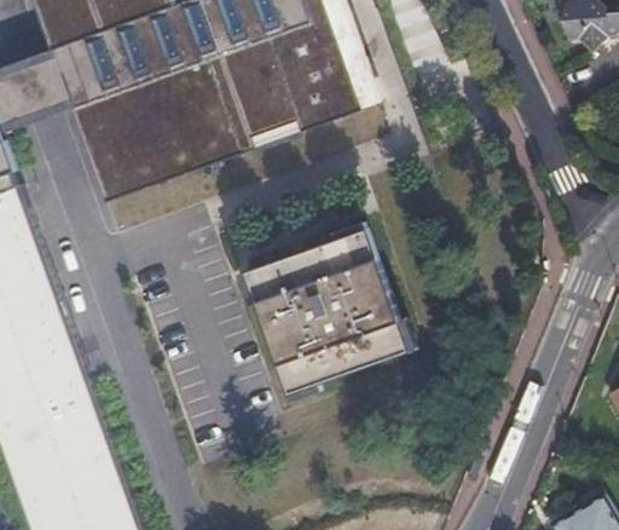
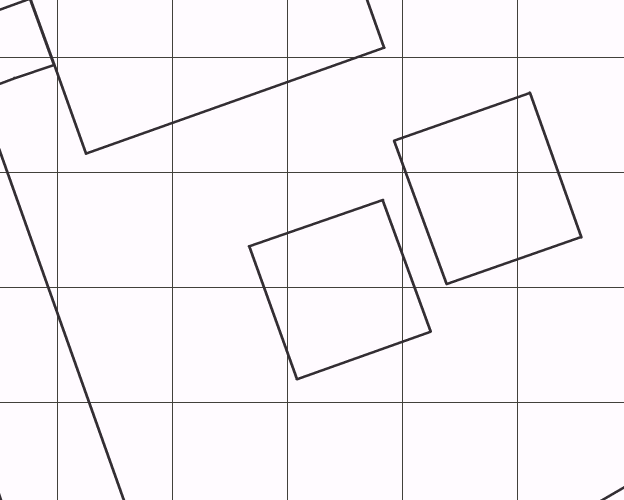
building: none -> [394,93,581,284]

